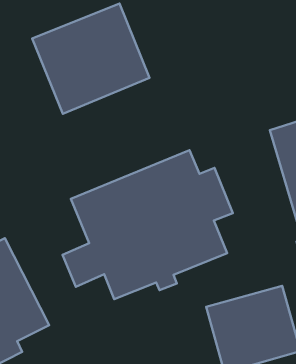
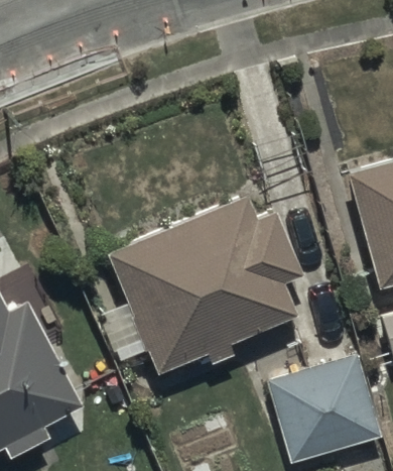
building: [32,4,150,114] -> none

